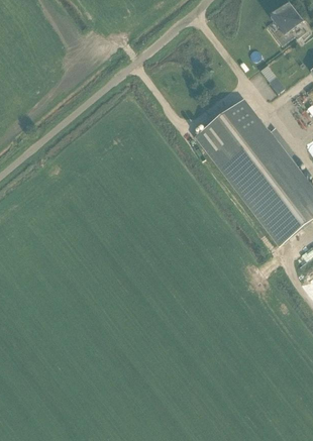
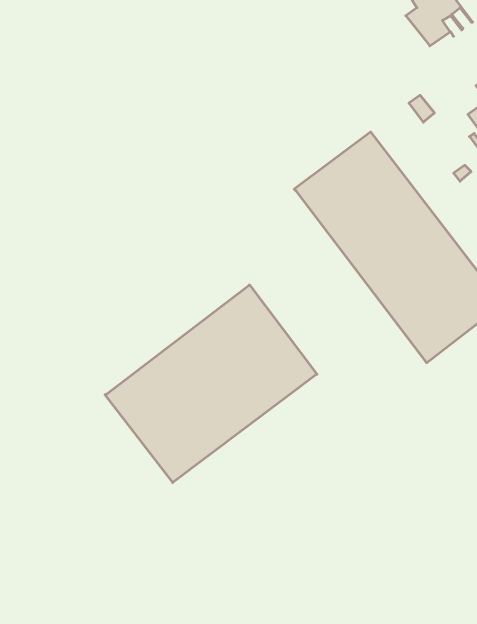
building: none -> [105,285,317,483]

